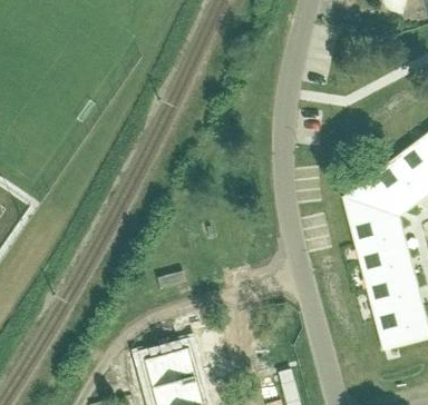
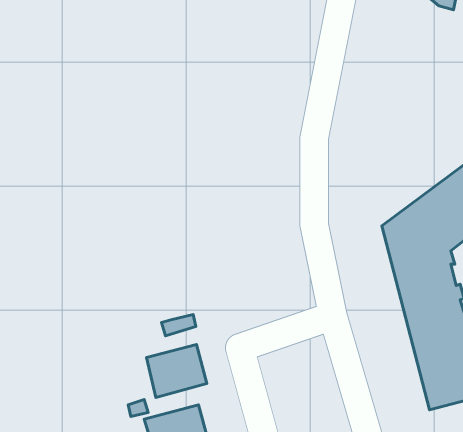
building: none -> [146,344,207,397]

